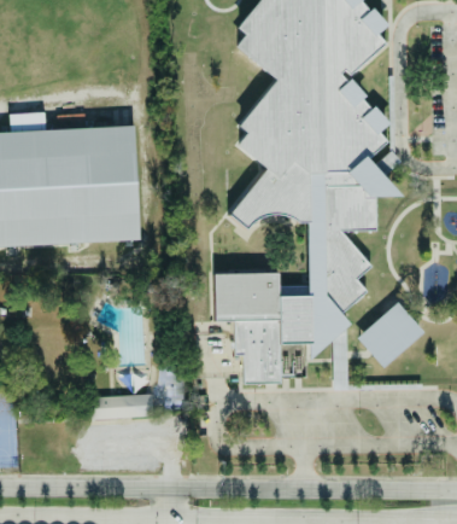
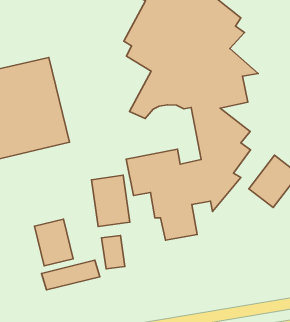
building: none -> [91,175,130,227]
building: none -> [35,219,73,266]

